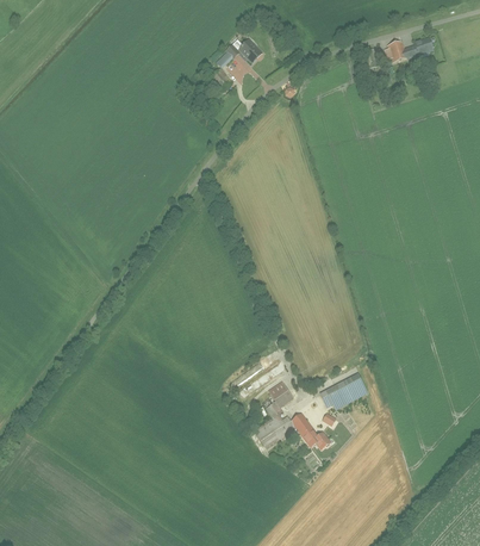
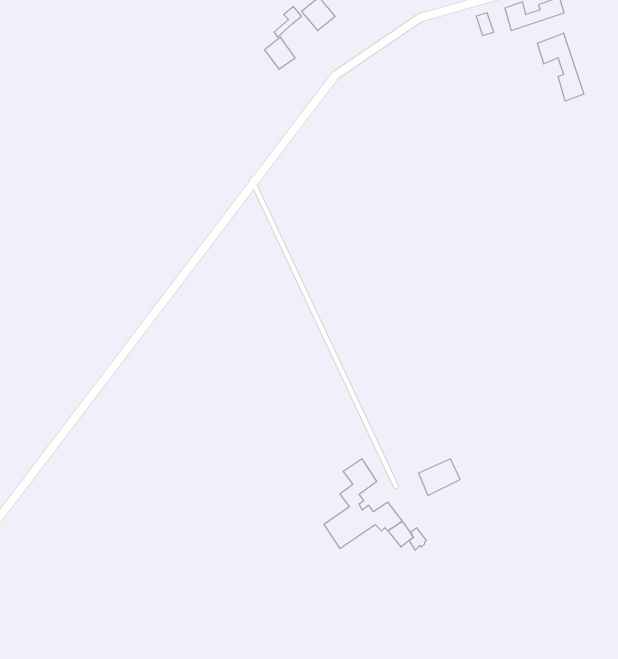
building: none -> [537,33,584,101]

